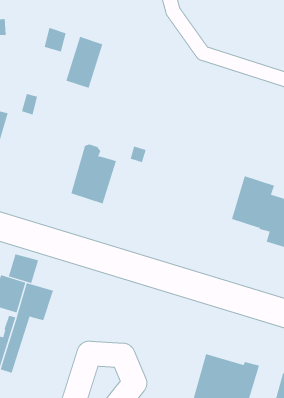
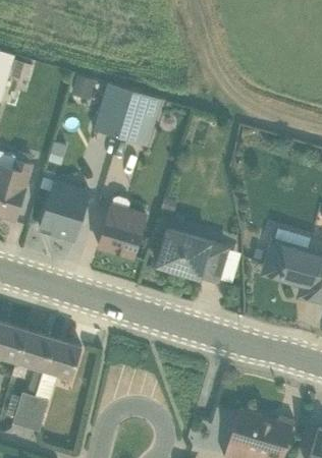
building: none -> [117,93,161,148]
building: none -> [39,178,89,240]
building: none -> [156,227,227,281]
building: [8,253,39,284] -> none

